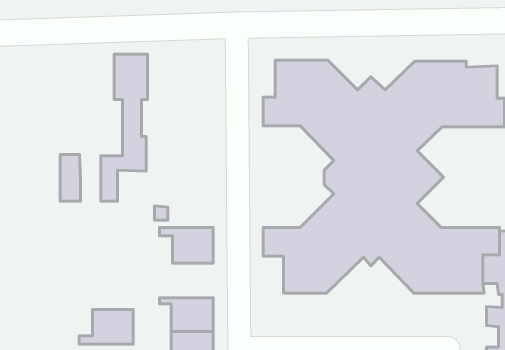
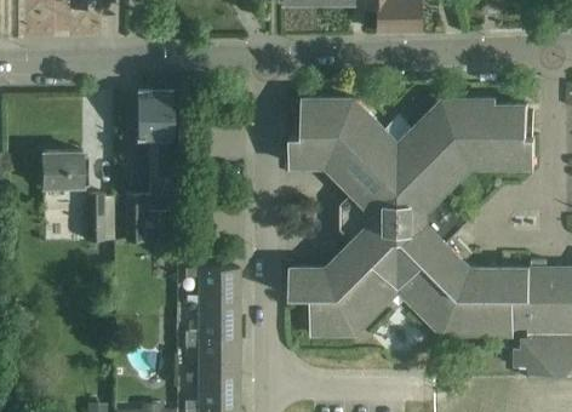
building: none -> [44,153,88,189]
building: [79,309,133,344] -> [185,305,240,341]

